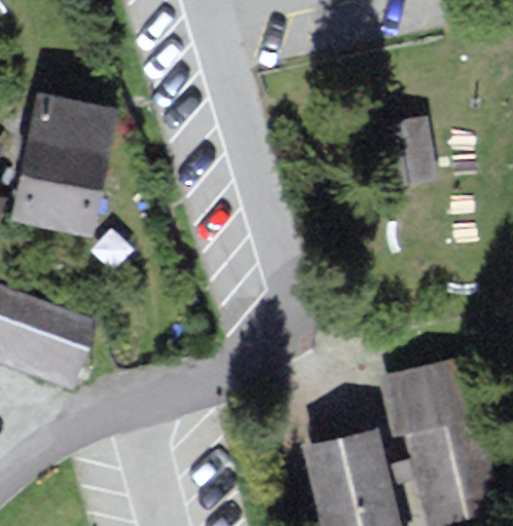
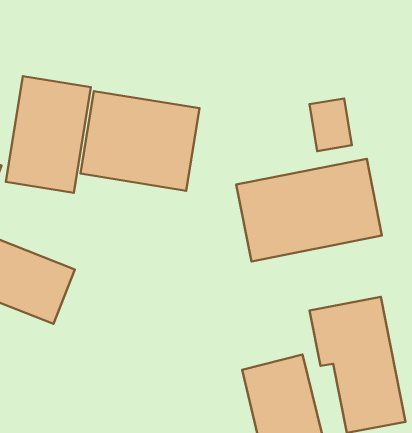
building: none -> [81,91,199,191]
building: none -> [236,159,382,261]

